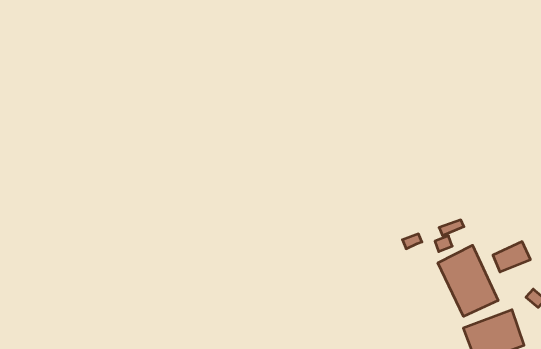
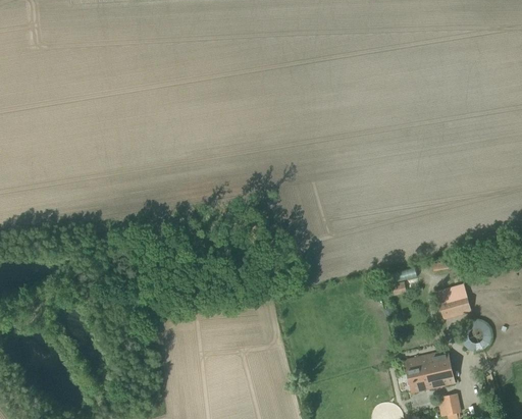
building: [438,245,498,316] -> none

